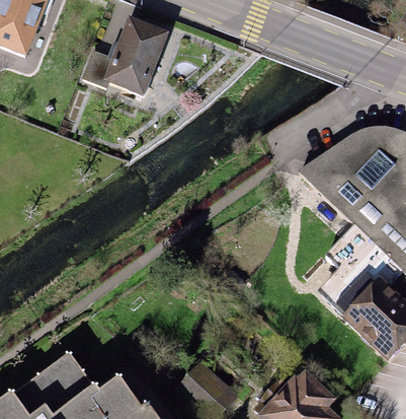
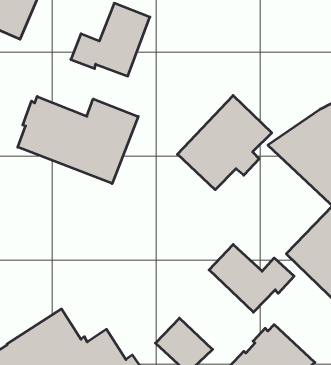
building: none -> [177,95,272,190]
building: none -> [18,96,138,184]
building: none -> [209,244,294,312]

